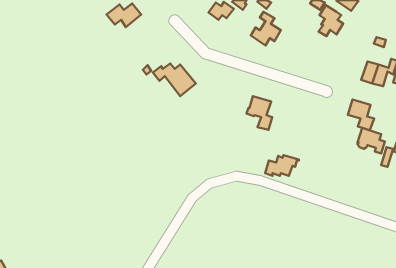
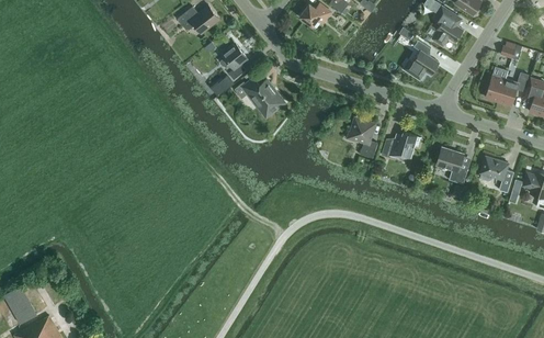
building: [251,12,281,46] -> [403,40,439,80]
building: none -> [218,38,248,79]
building: [348,99,374,130] -> [437,146,468,183]
building: [265,155,299,176] -> [382,132,422,157]

